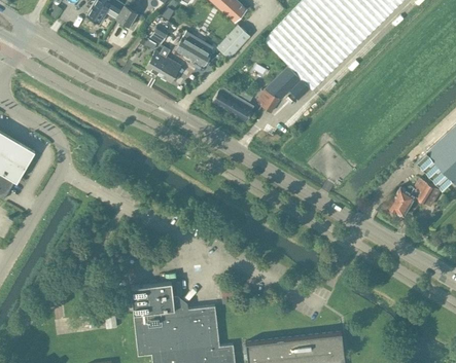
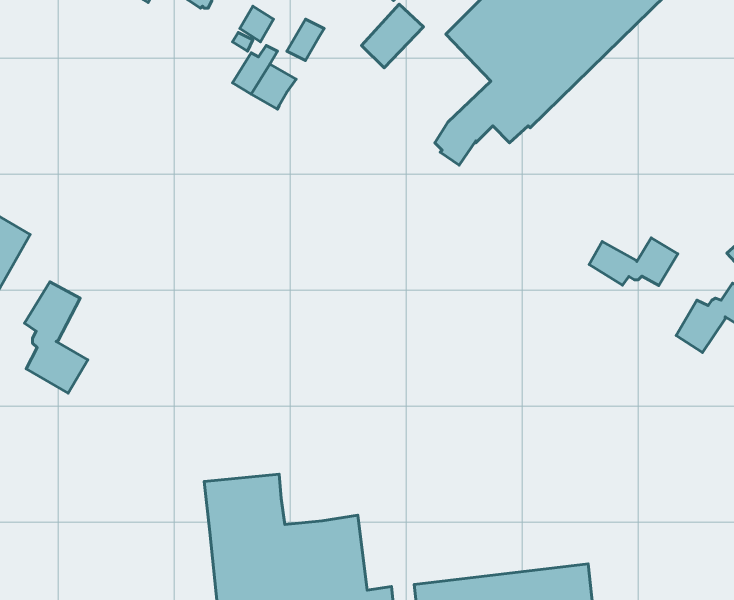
building: [185,38,210,66] -> none
building: [212,86,253,120] -> none
building: none -> [589,238,678,285]
building: none -> [25,282,88,393]

